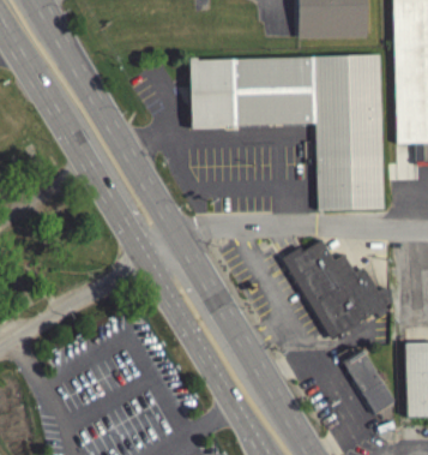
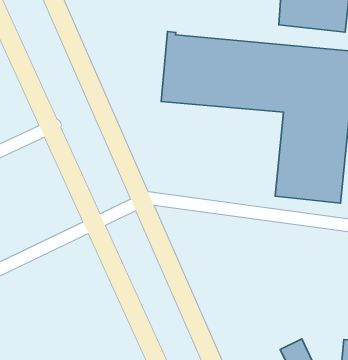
building: [281,239,393,340] -> none

